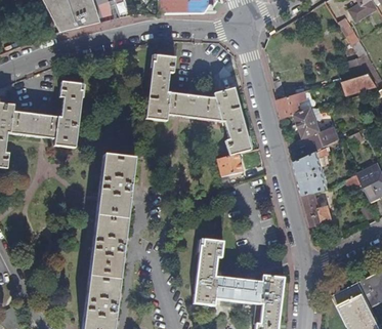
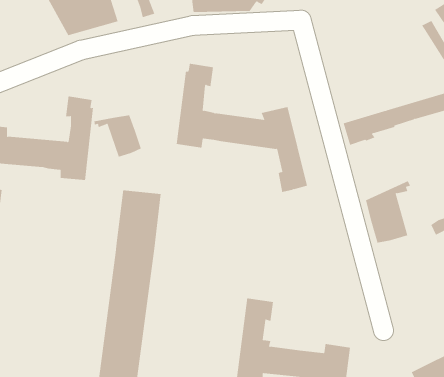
building: none -> [94,115,142,157]
building: [295,109,341,155] -> none
building: [217,154,243,176] -> none
building: [304,194,333,227] -> none

